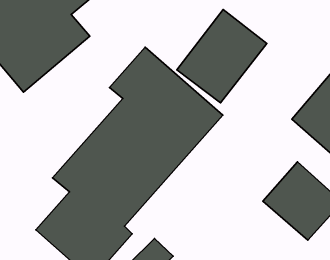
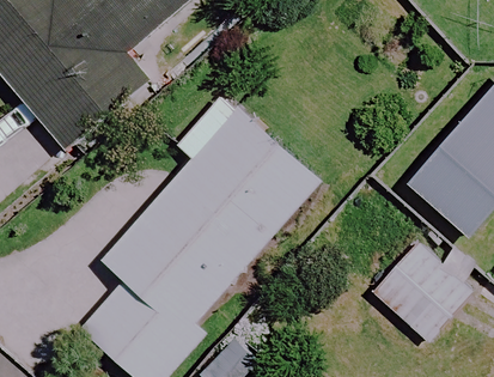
building: [177,9,267,103] -> none

